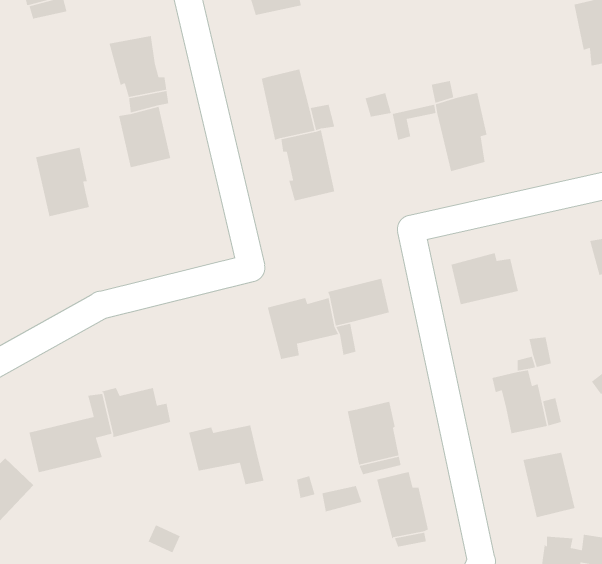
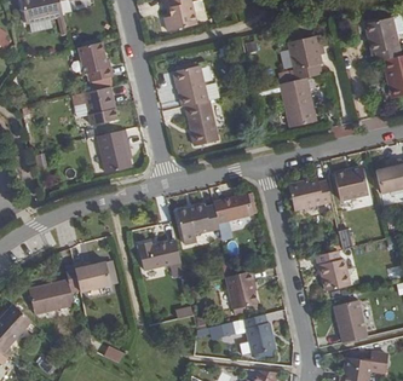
building: none -> [287,35,323,80]
building: [35,147,90,217] -> [97,129,131,173]
building: none -> [334,166,368,200]
building: [188,424,264,485] -> [137,239,184,277]

